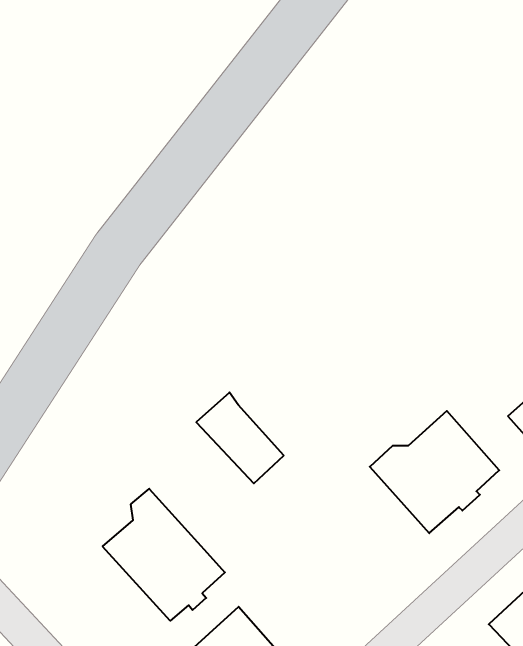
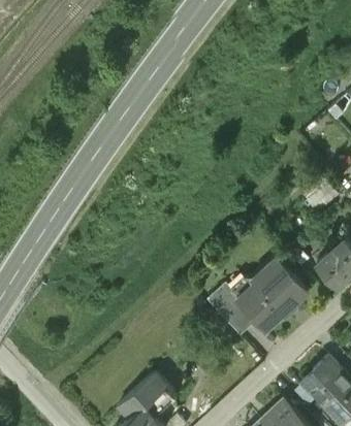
building: [196,392,284,483] -> [206,283,258,336]
building: [103,489,225,621] -> none

